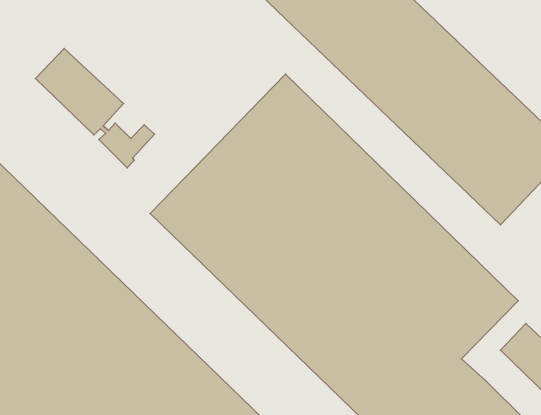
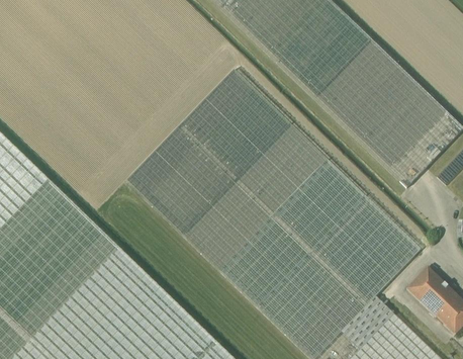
building: [35,49,155,168] -> none

